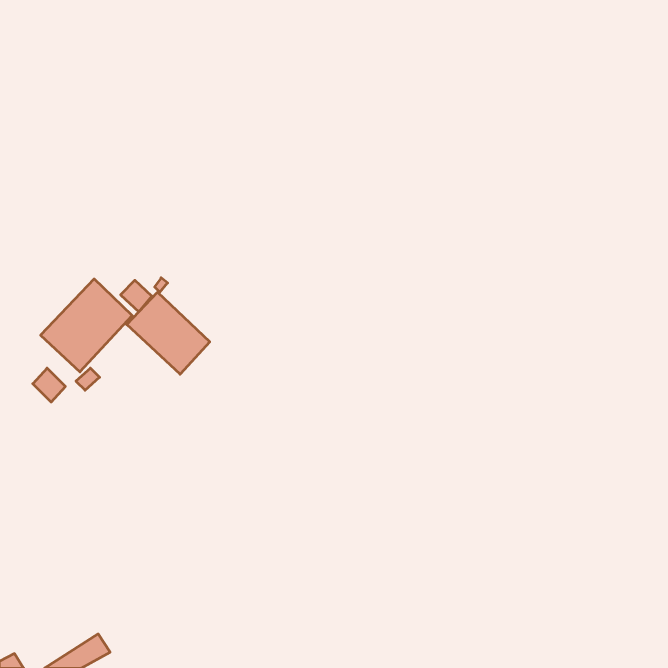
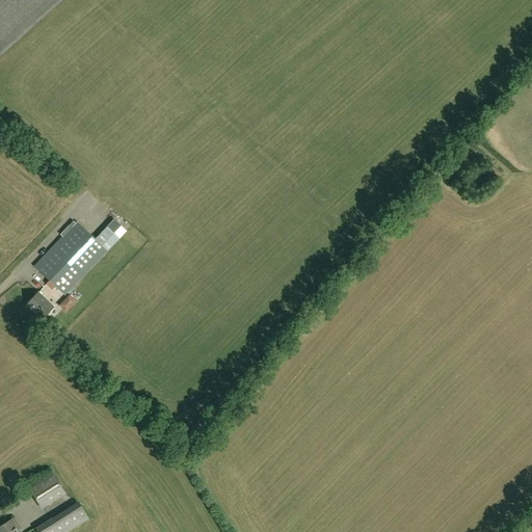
building: [127,292,210,374] -> none
building: none -> [27,473,64,508]

